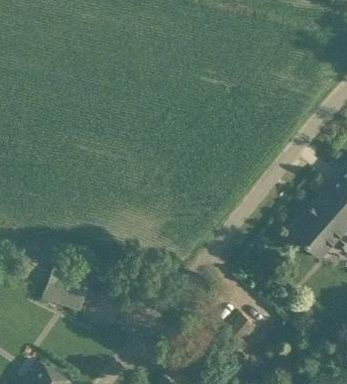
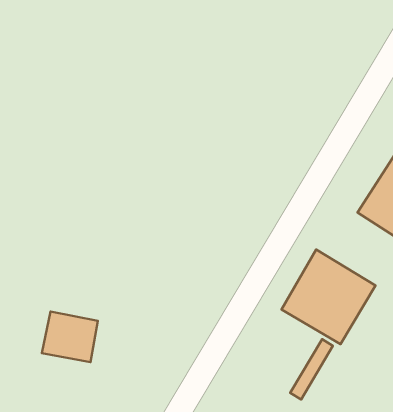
building: none -> [282,249,375,344]

